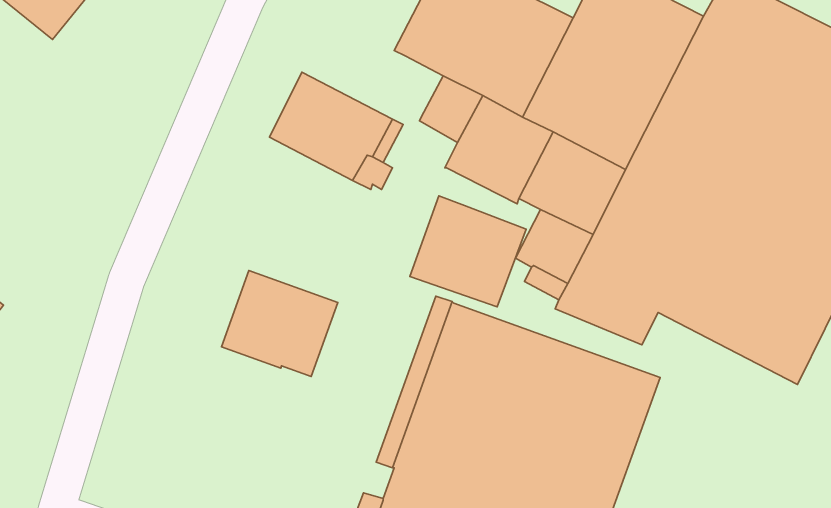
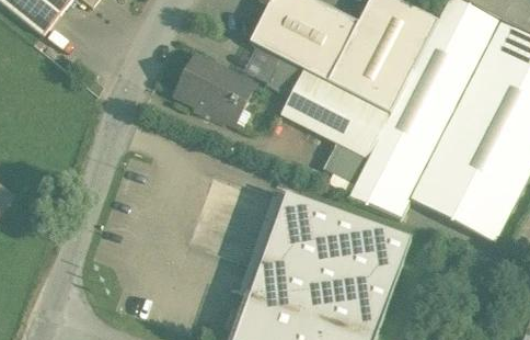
building: none -> [244,42,280,79]
building: [410,196,526,307] -> none
building: [222,270,338,377] -> none

